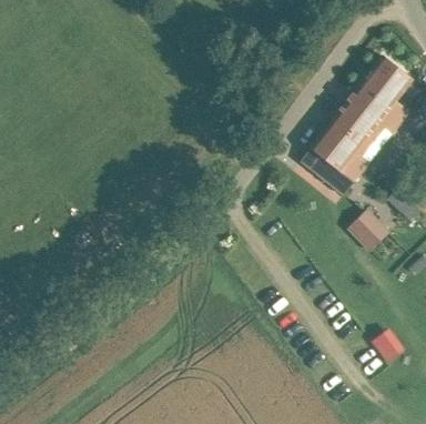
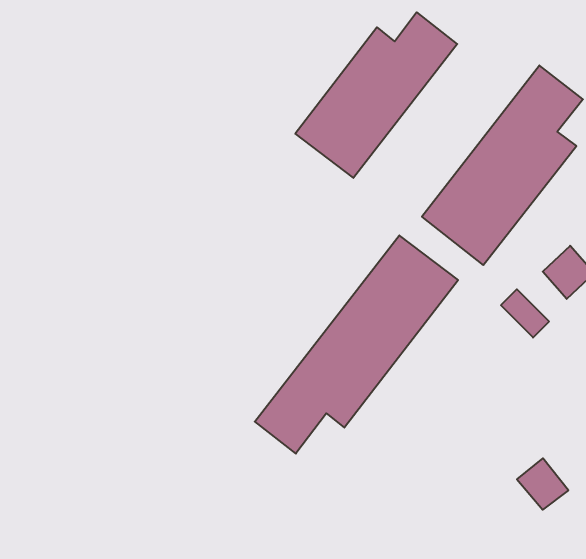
building: none -> [295,12,457,178]
building: none -> [255,235,458,454]

